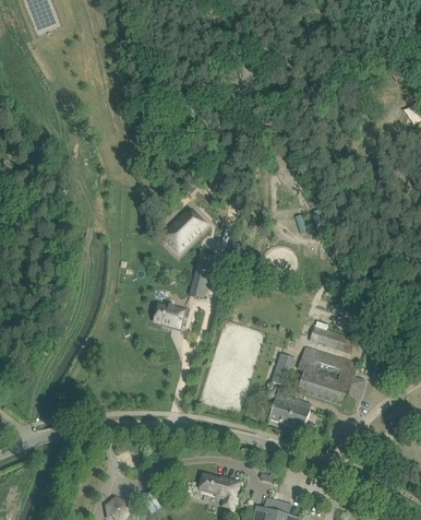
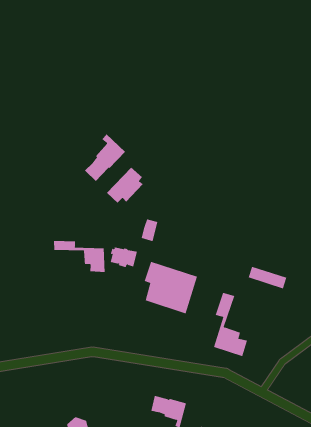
building: none -> [84,134,126,182]
building: none -> [53,240,105,273]
building: [298,346,359,406] -> [144,261,198,314]

